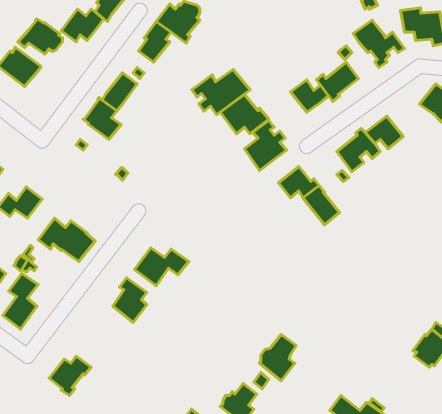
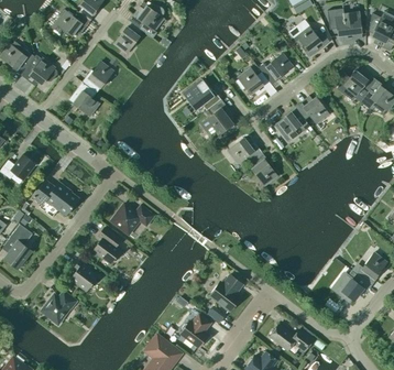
building: [18,19,63,54] -> [20,55,56,84]
building: [192,69,250,115] -> none
building: none -> [69,259,97,291]

